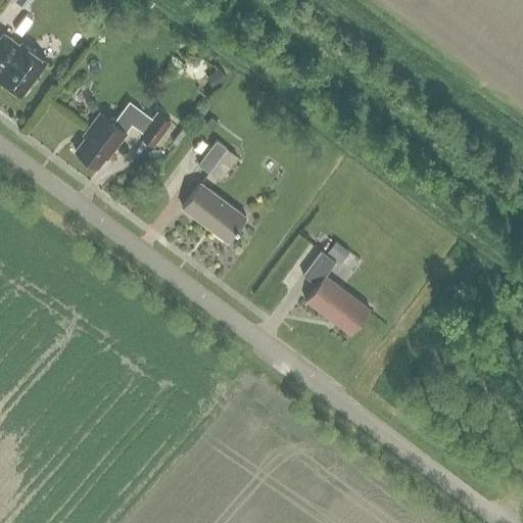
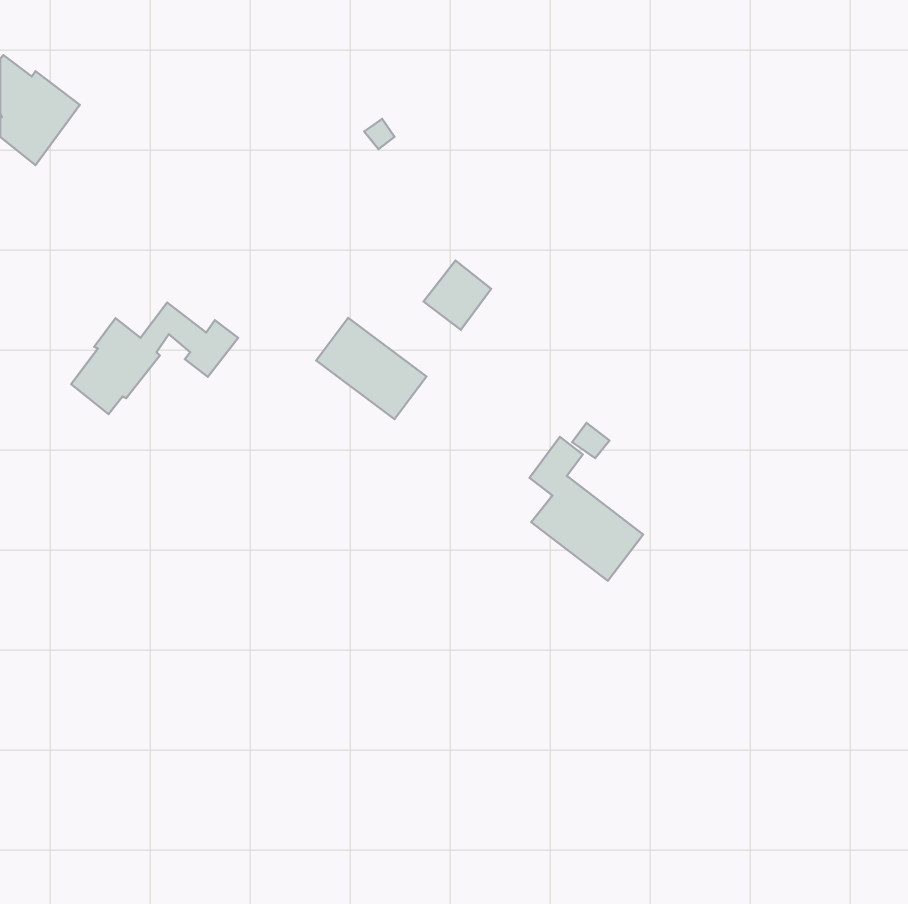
building: [76,104,172,169] -> [71,302,238,414]
building: [196,141,235,181] -> [424,261,491,330]

